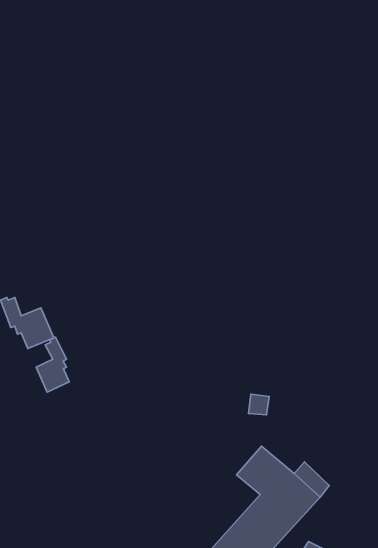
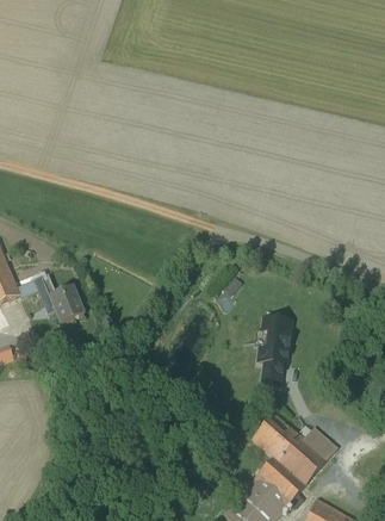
building: [36,337,69,392] -> none
building: none -> [259,317,291,364]

